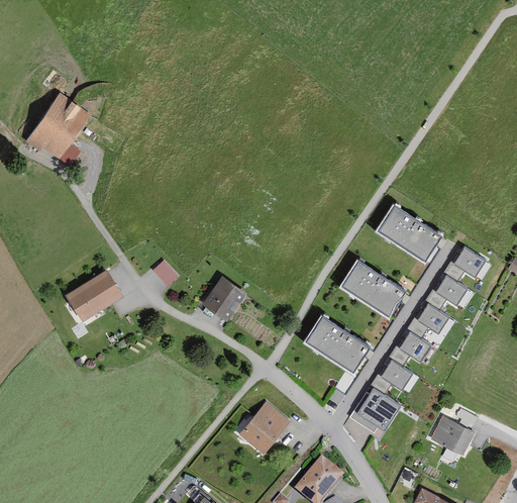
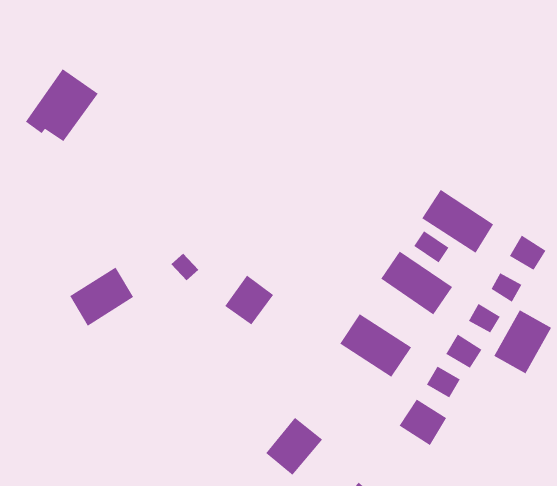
building: none -> [413,230,449,264]
building: none -> [493,309,552,374]
building: [430,413,475,459] -> none

